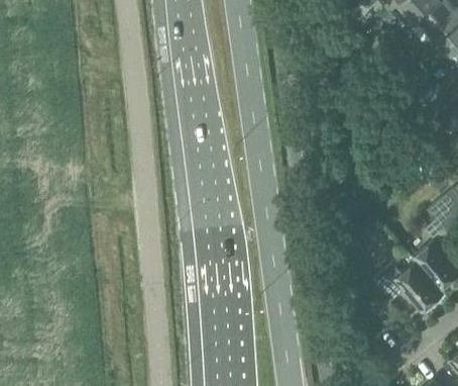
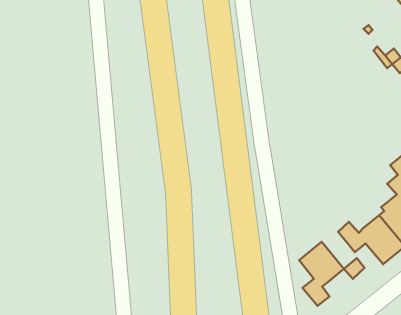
building: none -> [299,242,344,306]

